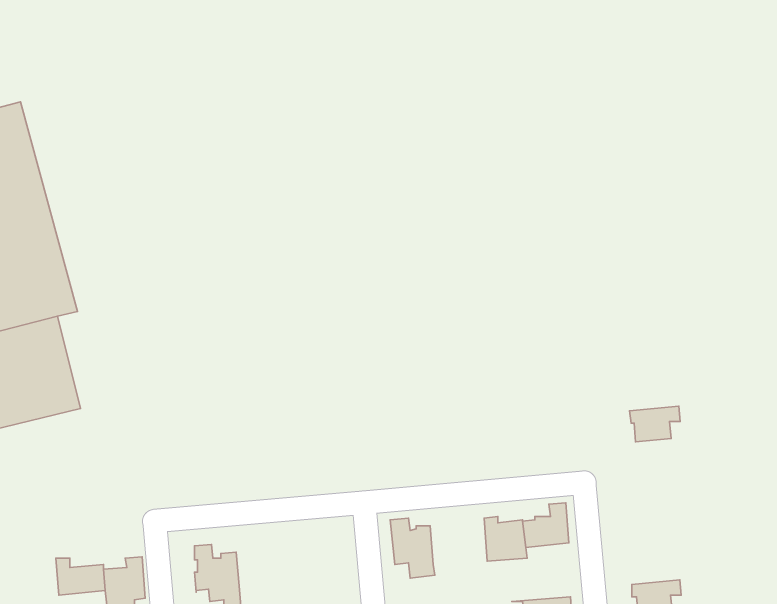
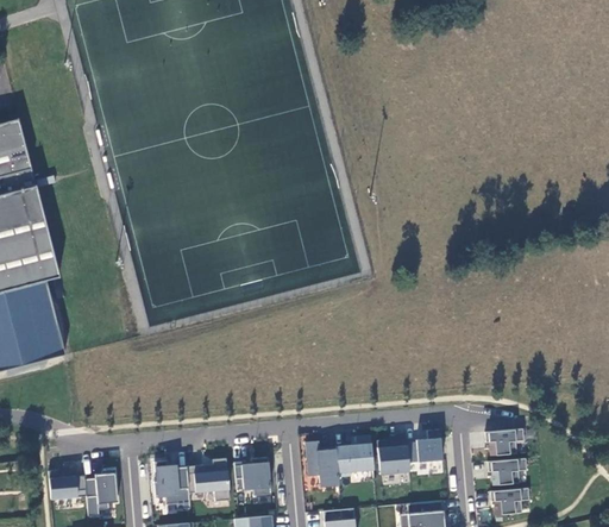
building: [629,406,680,442] -> [485,428,525,456]
building: none -> [335,435,373,476]
building: none -> [233,457,270,496]
building: none -> [186,458,228,501]
building: none -> [488,458,527,484]

